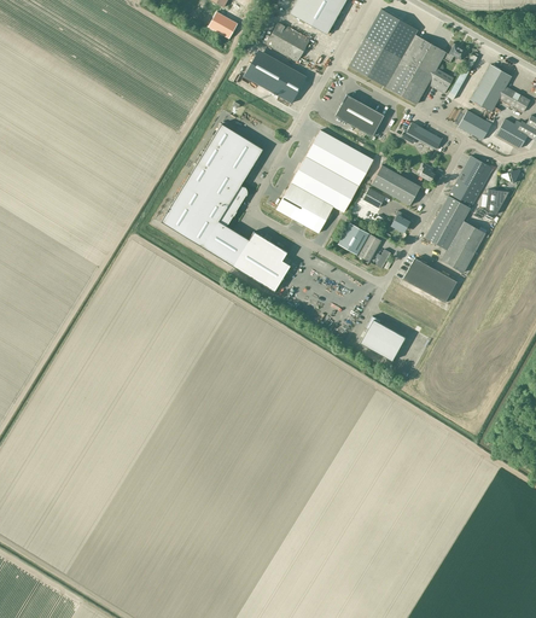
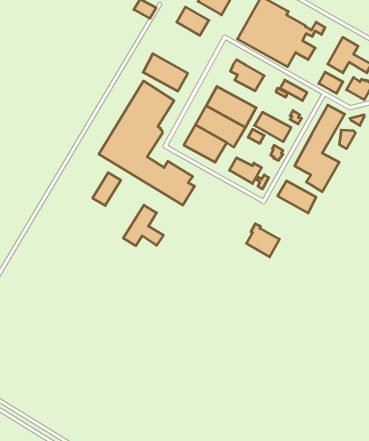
building: [247,48,308,99] -> [143,54,188,91]
building: none -> [93,173,121,206]
building: none -> [123,205,163,246]

